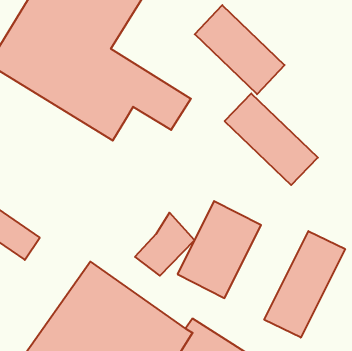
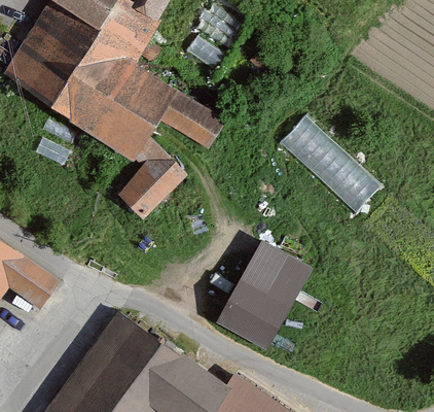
building: [195,5,285,94] -> none
building: [135,213,195,276] -> [117,143,186,216]
building: [264,231,345,338] -> none

